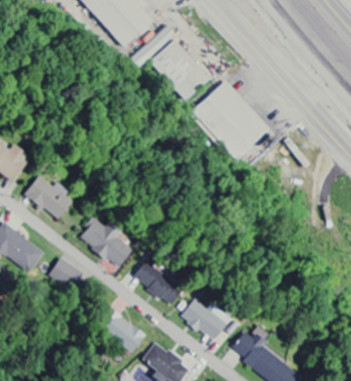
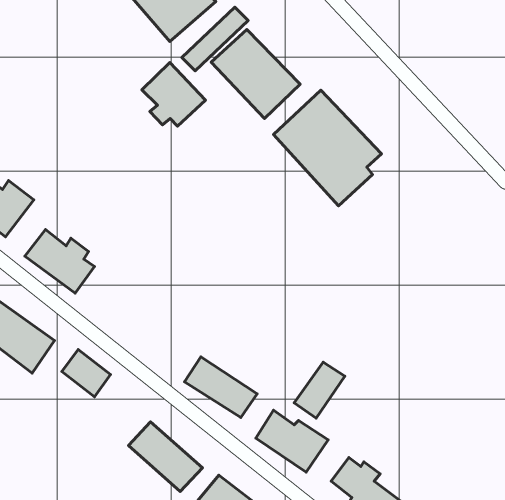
building: none -> [142,62,205,126]
building: [79,217,131,266] -> none
building: none -> [294,362,345,418]

